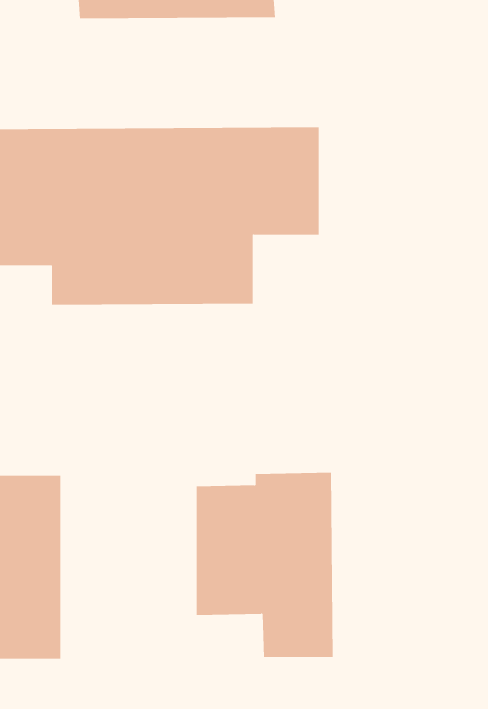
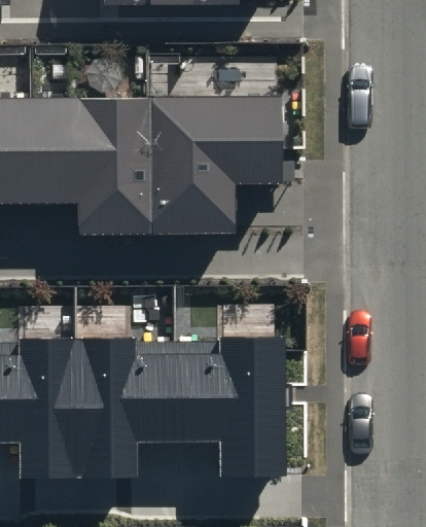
building: none -> [81,351,180,487]

